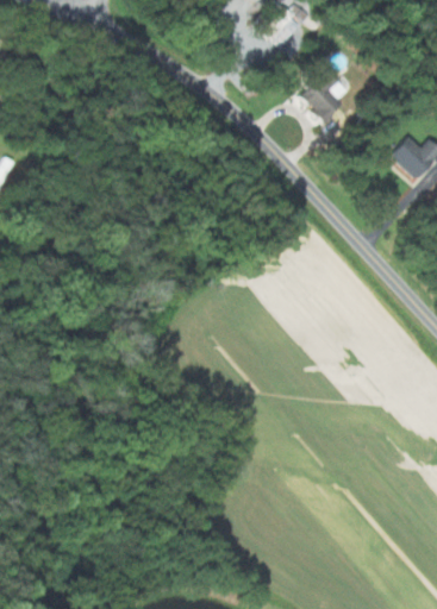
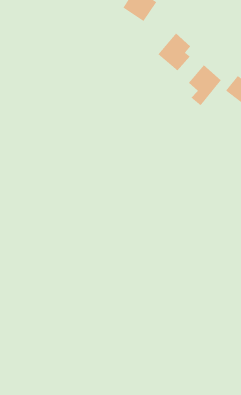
building: none -> [188,64,222,106]

